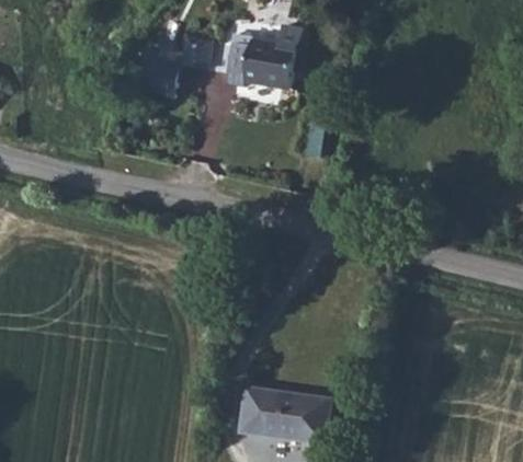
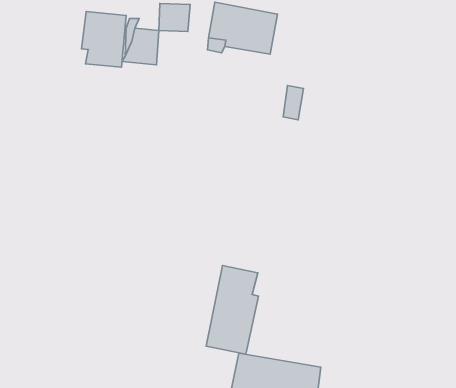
building: none -> [82,12,126,67]
building: none -> [206,265,259,354]

